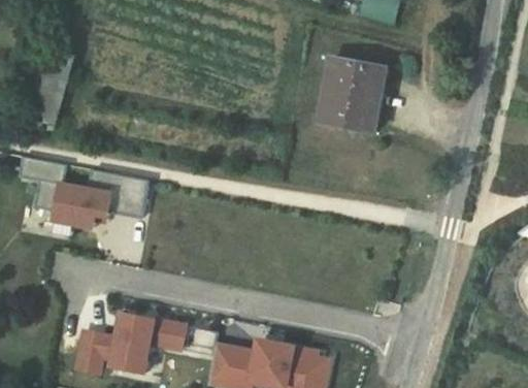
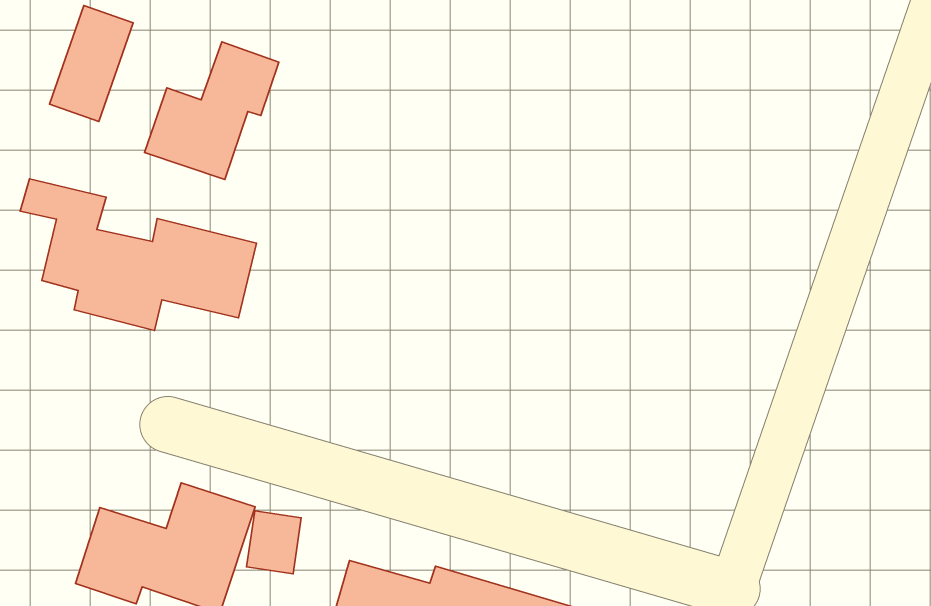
building: [318,59,384,132] -> none
building: none -> [144,42,279,180]

